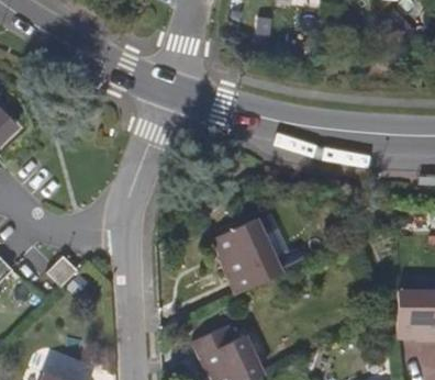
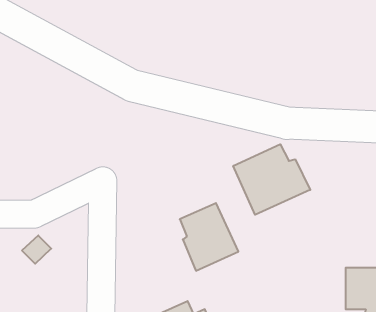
building: none -> [233,144,310,215]

